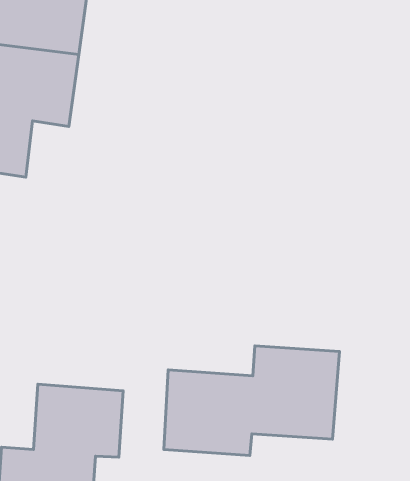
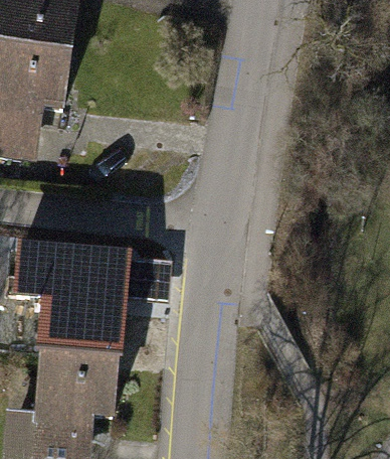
building: none -> [17,244,121,356]
building: [164,346,339,455] -> none

